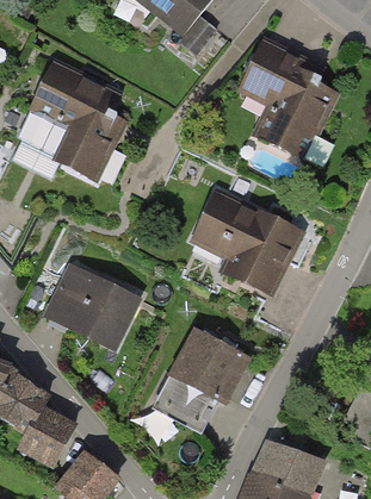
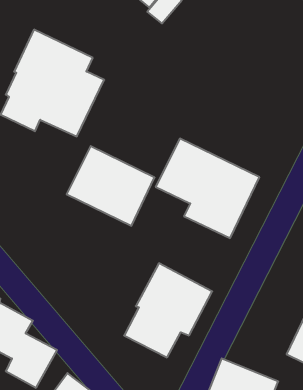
building: [236,39,338,158] -> none
building: [42,263,142,354] -> [67,146,155,226]

